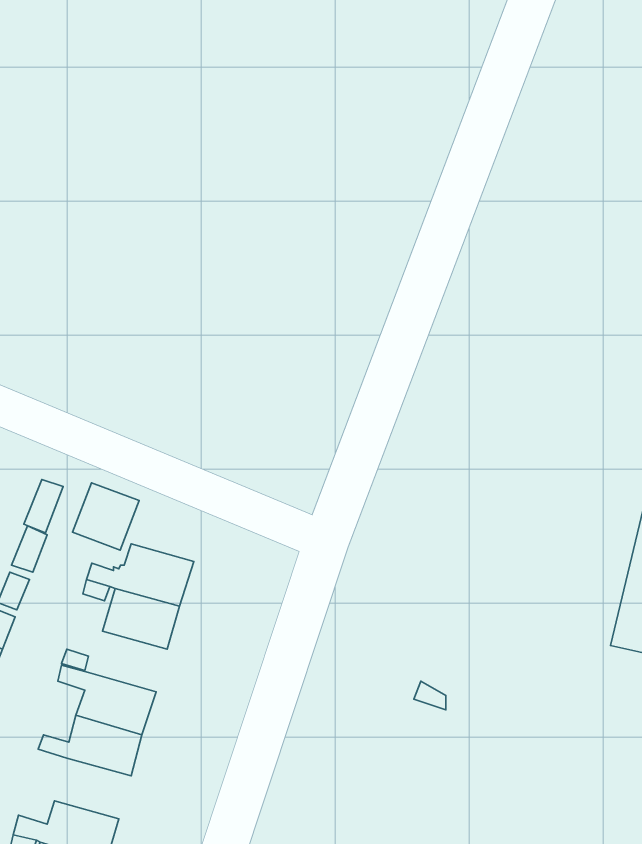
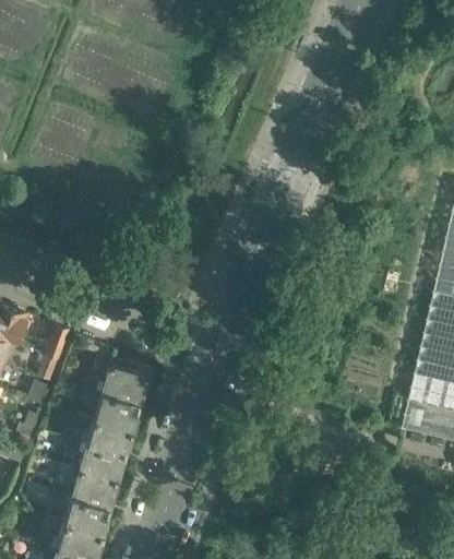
building: [72,483,139,550] -> none
building: none -> [83,419,131,456]
building: none -> [50,491,109,534]

